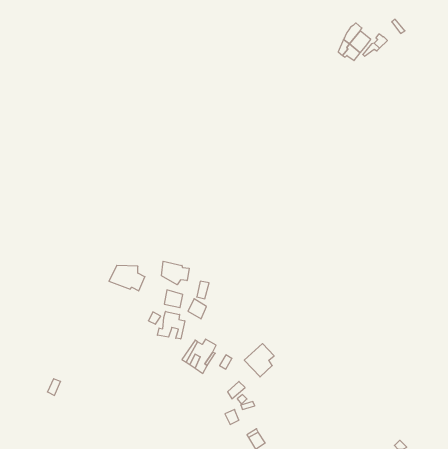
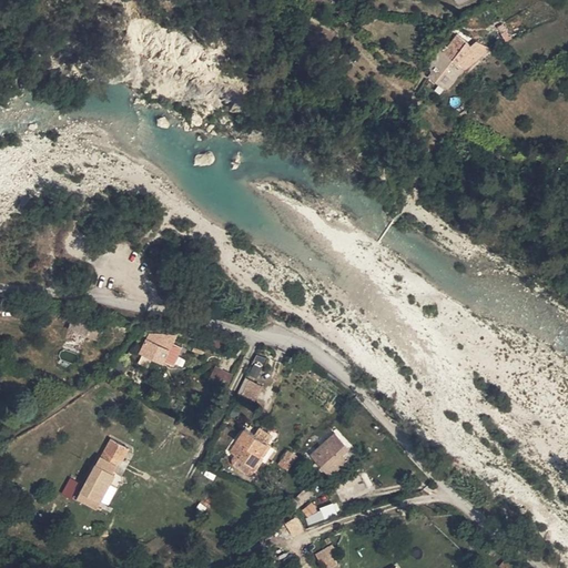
building: [162,261,189,285] -> none
building: [157,311,185,339] -> none
building: none -> [81,439,131,504]

